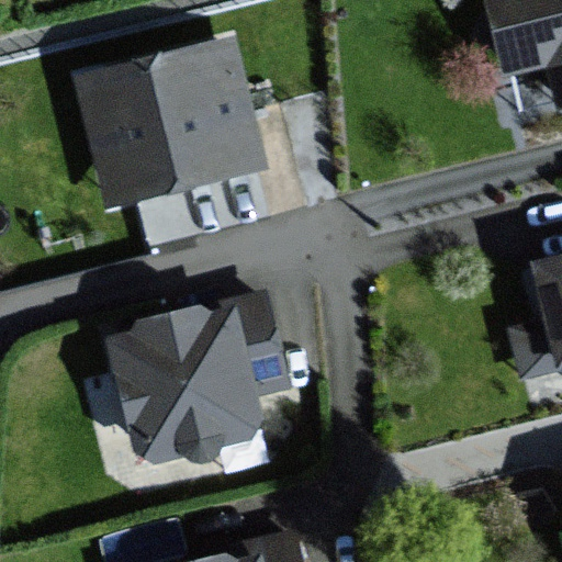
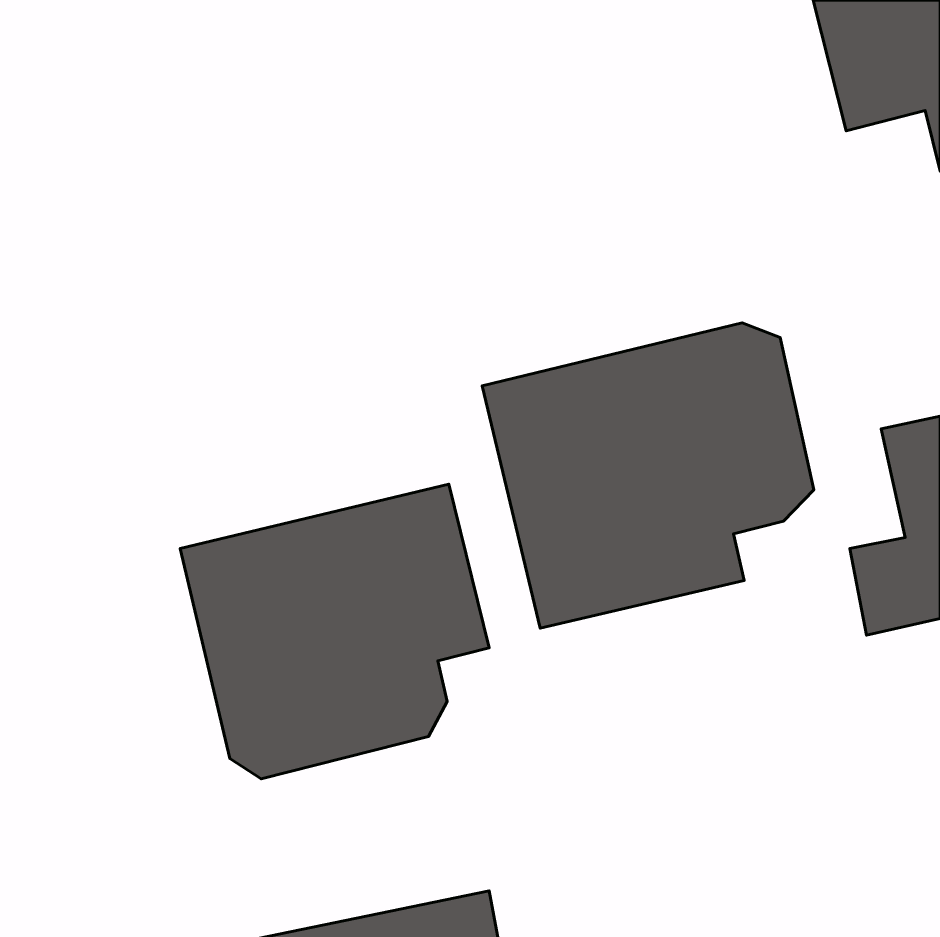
building: [81,43,261,203] -> none
building: none -> [482,323,814,628]

